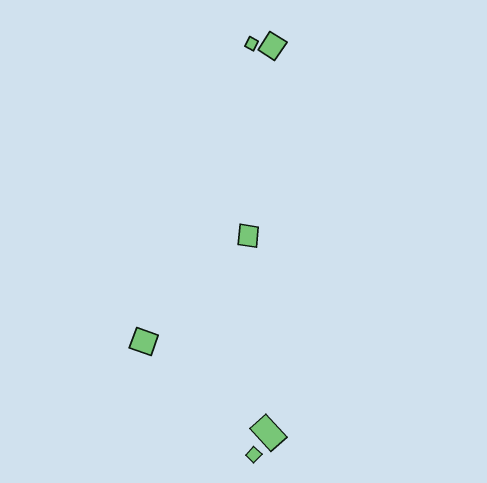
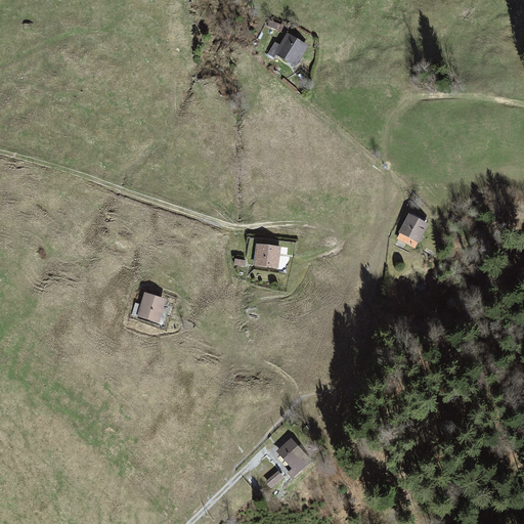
building: none -> [399,216,428,244]
building: [129,328,158,355] -> [136,292,167,321]

